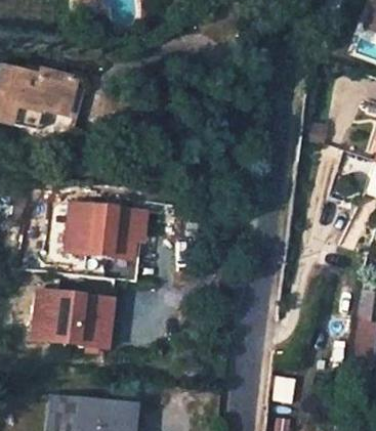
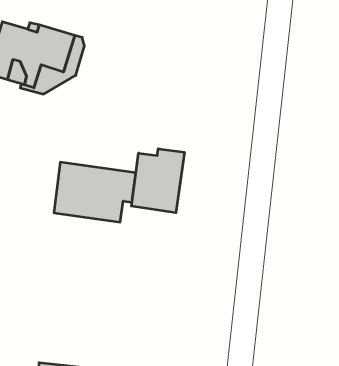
building: none -> [131,149,184,213]
building: [34,288,114,346] -> none

